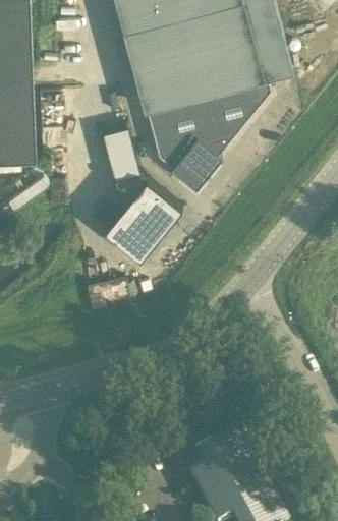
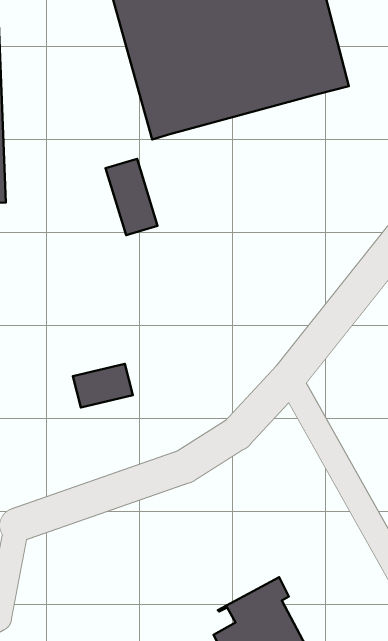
building: [158,78,271,190] -> none
building: [104,179,180,258] -> none

